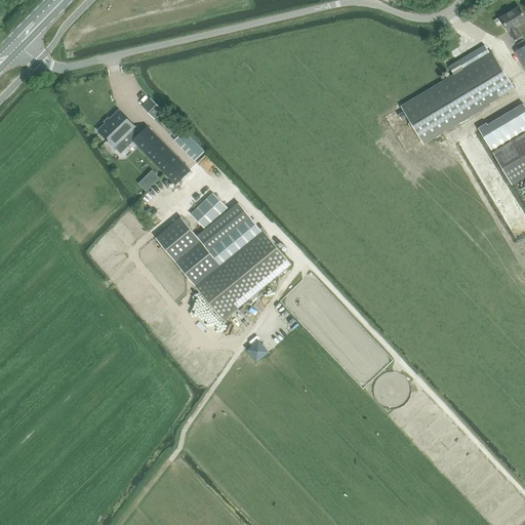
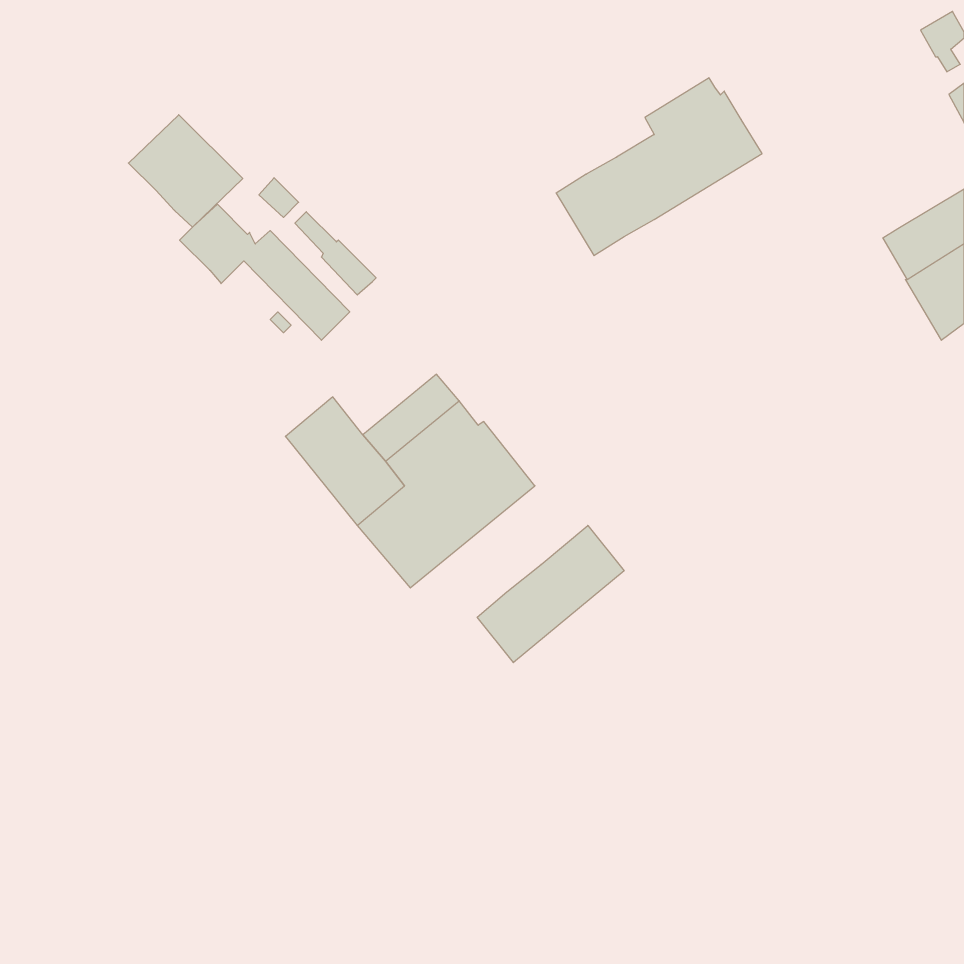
building: [400,44,512,140] -> [556,78,762,256]
building: none -> [128,115,243,227]
building: [191,193,227,229] -> none
building: none -> [477,525,624,663]

